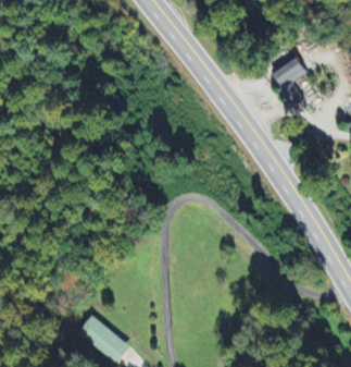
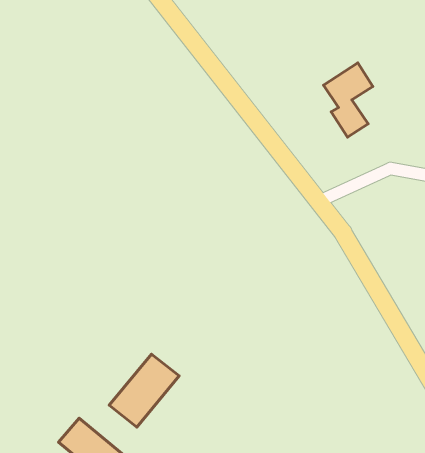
building: none -> [109,354,179,427]

